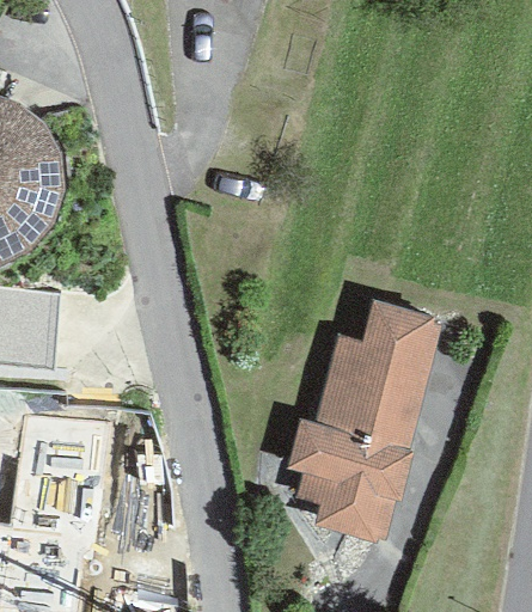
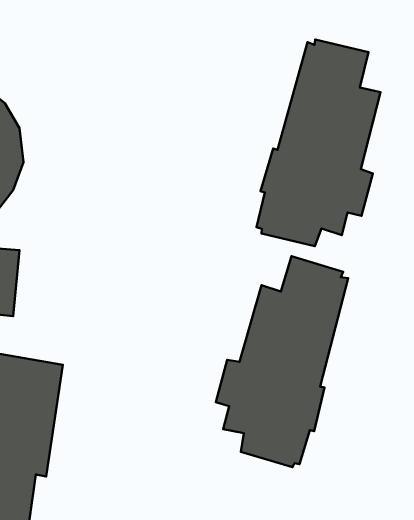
building: none -> [257,39,380,246]

